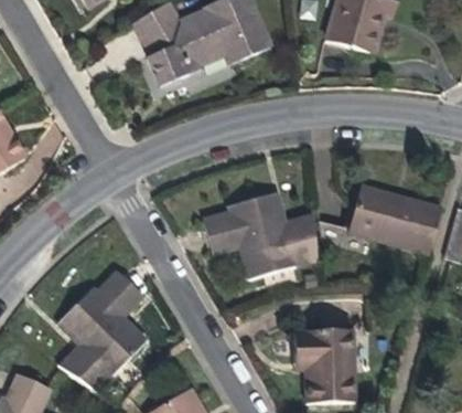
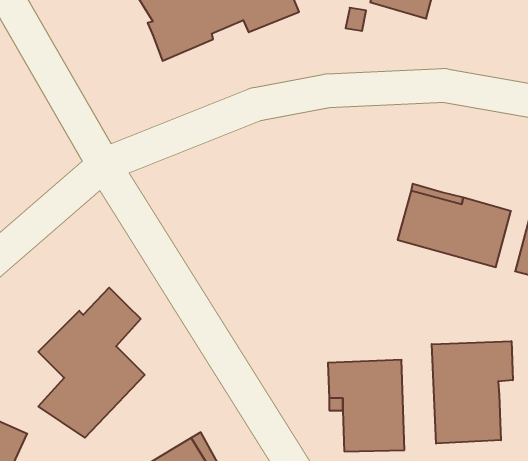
building: [203,193,318,277] -> none
building: none -> [432,341,513,444]

